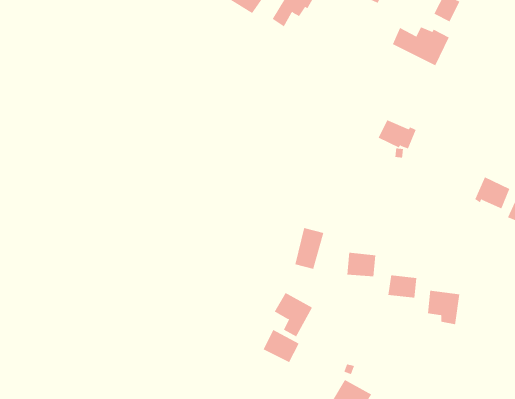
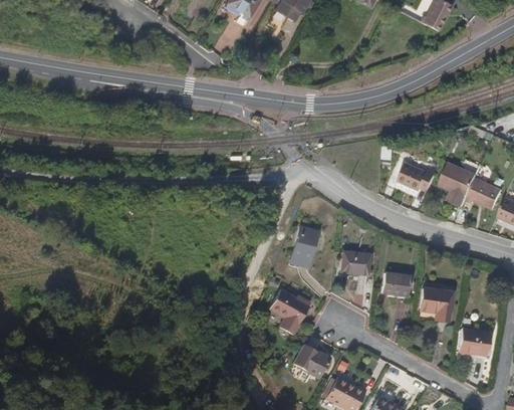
building: [392,26,450,66] -> none
building: [378,119,417,149] -> [399,162,437,191]
building: none -> [440,161,478,206]
building: [263,329,300,363] -> [294,345,330,378]
building: none -> [459,329,490,356]

